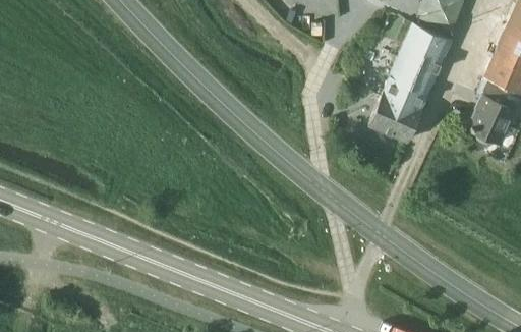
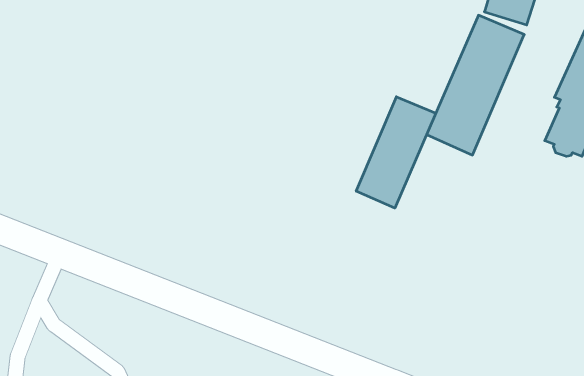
building: none -> [356,97,436,208]

